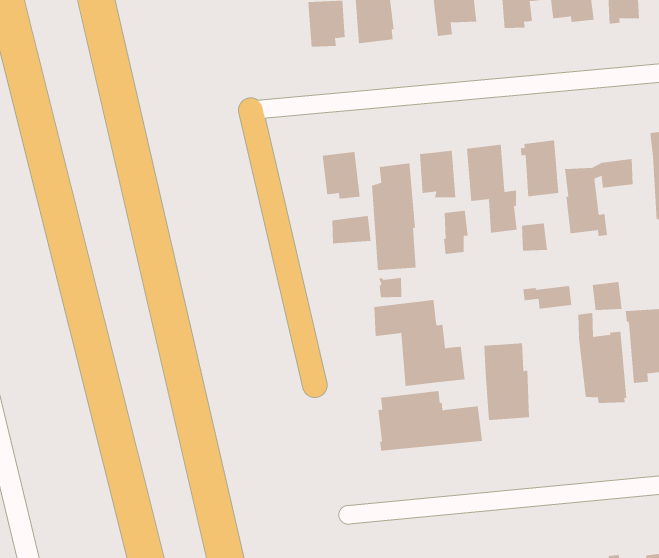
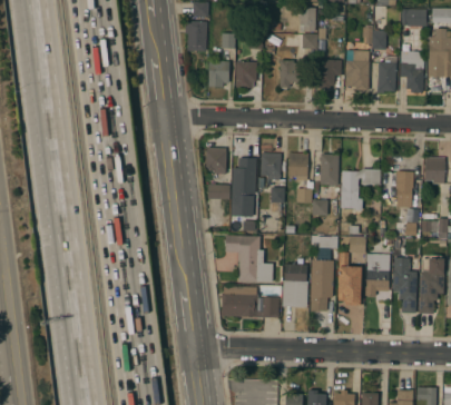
building: none -> [310,256,334,312]

